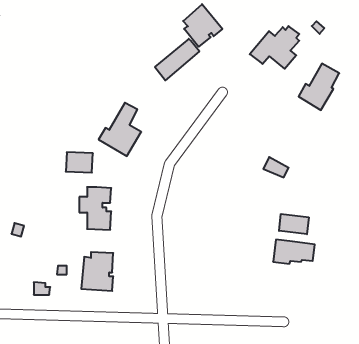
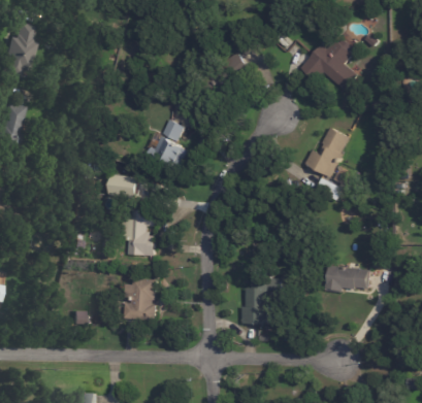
building: [183,4,222,47] -> none
building: [299,64,339,110] -> [309,127,352,176]
building: [279,214,309,234] -> none
building: none -> [244,277,280,324]

